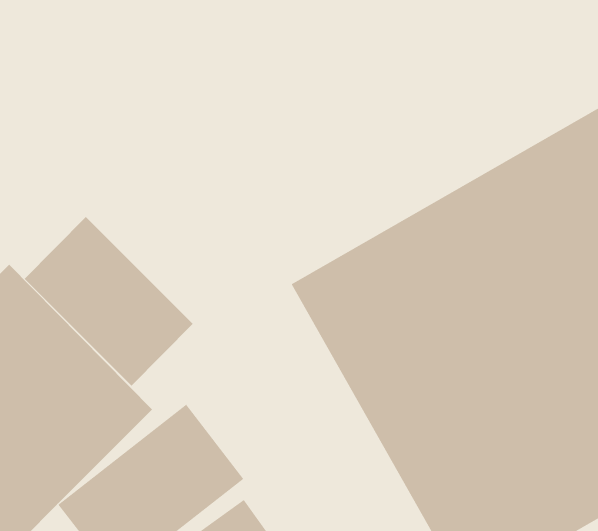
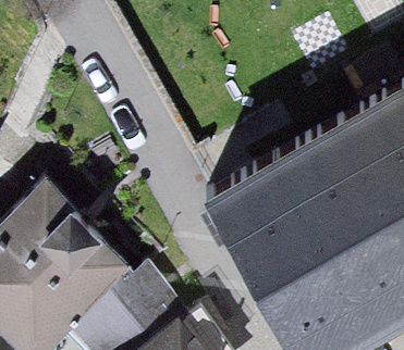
building: [24,216,193,386] -> none

